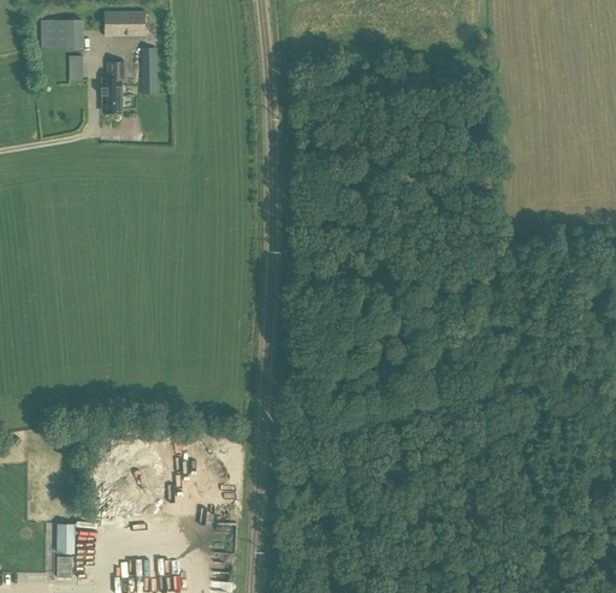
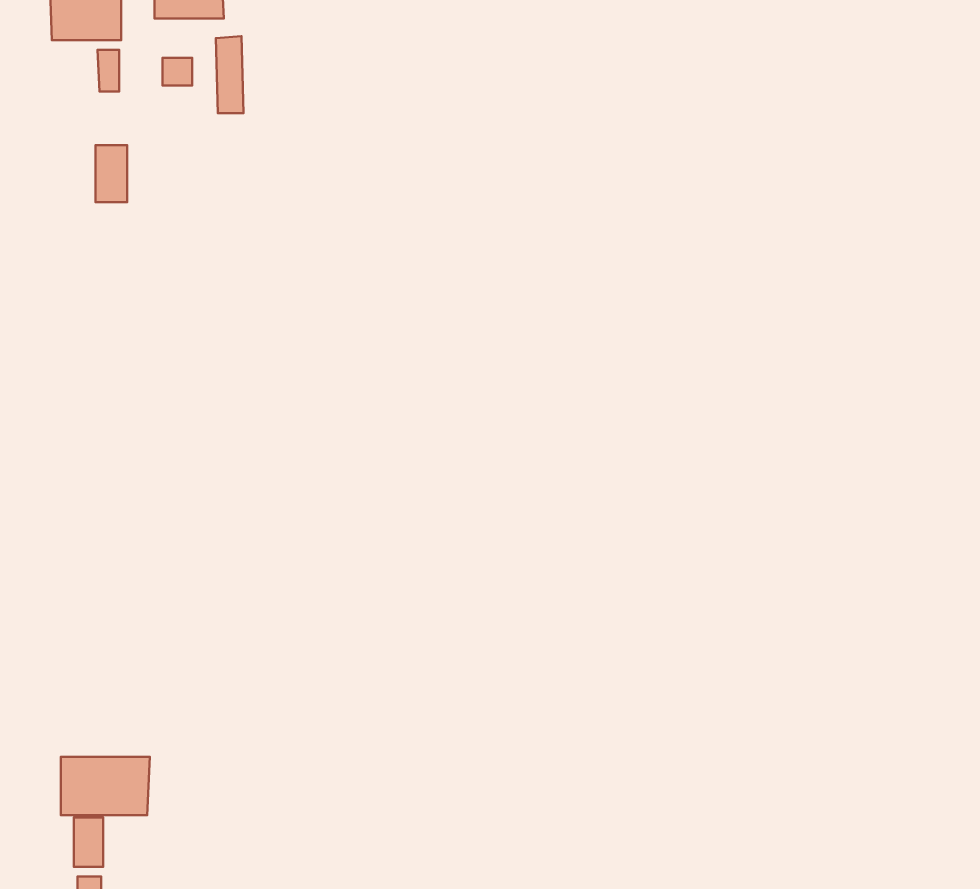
building: [102,77,122,112] -> [96,145,127,202]
building: none -> [61,757,150,815]

